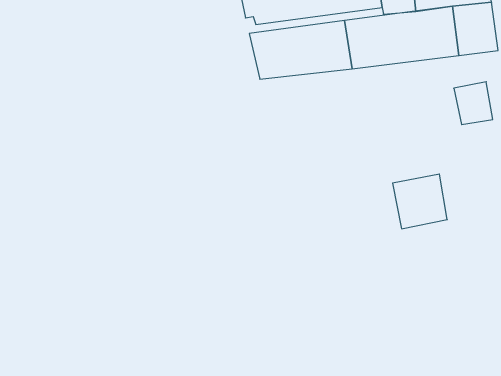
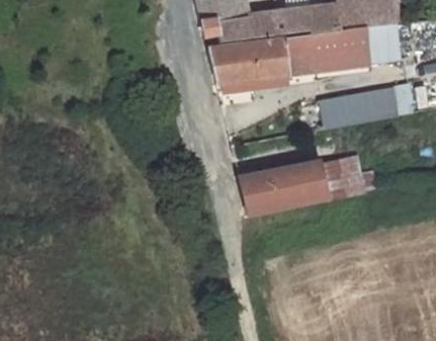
building: none -> [318,91,373,129]
building: none -> [239,161,327,216]

